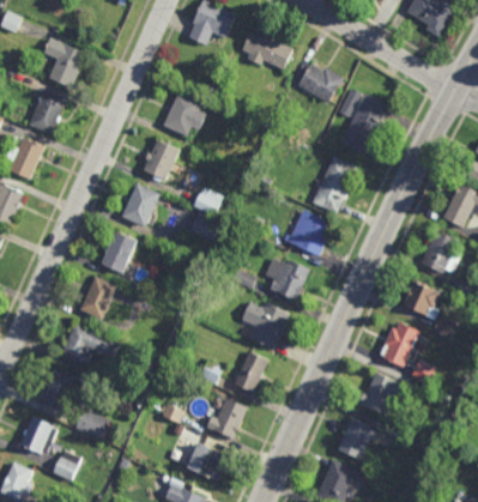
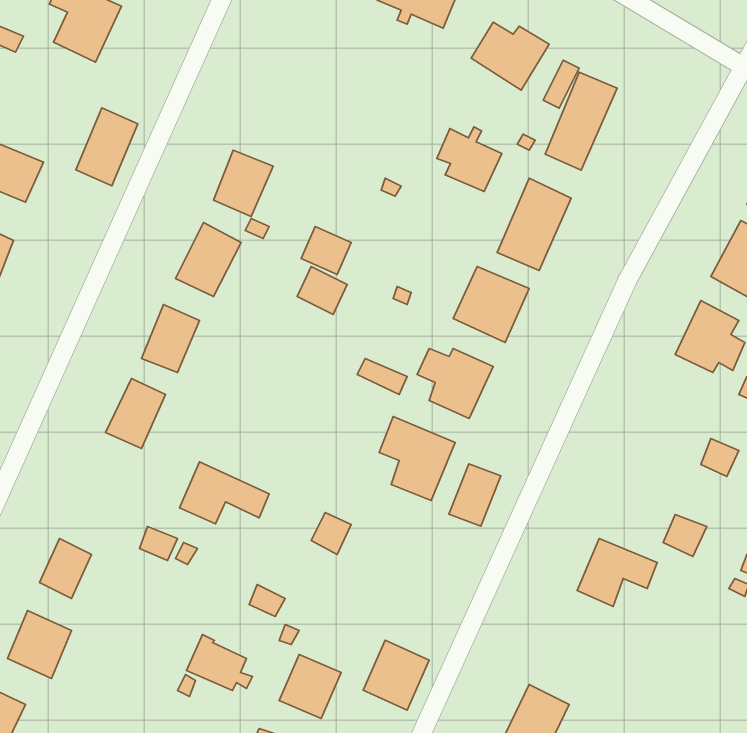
building: [28,89,65,135] -> [76,108,138,186]
building: [162,92,205,135] -> none
building: none -> [437,127,502,192]
building: [401,282,438,320] -> none
building: [376,322,417,370] -> none
building: [62,325,116,362] -> [179,462,269,524]
building: [235,353,266,391] -> [449,464,501,526]
building: [207,397,247,439] -> [363,640,429,710]
building: [77,404,116,437] -> [187,635,252,691]
building: [339,418,379,456] -> none
building: [54,447,83,479] -> none

